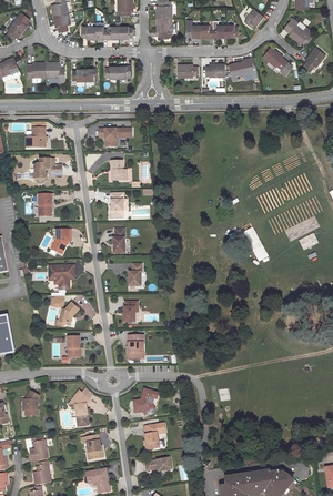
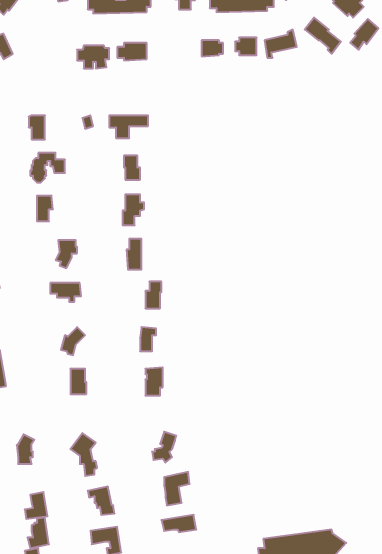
building: [29,62,68,83] -> none

